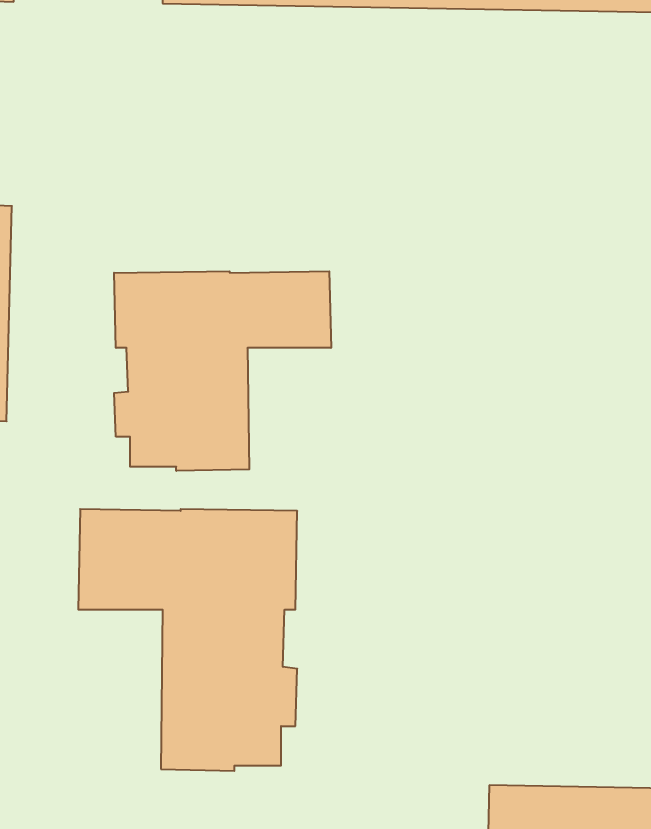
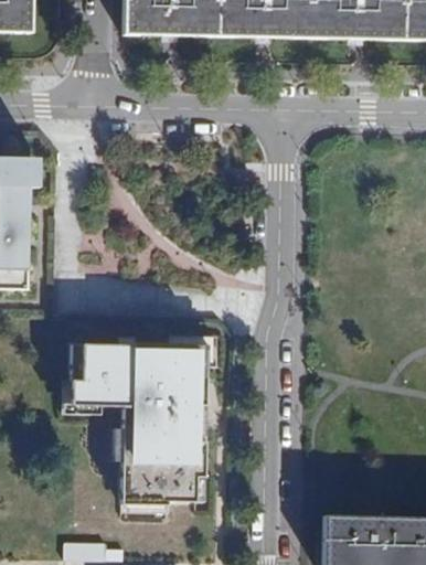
building: [114,271,331,471] -> none

